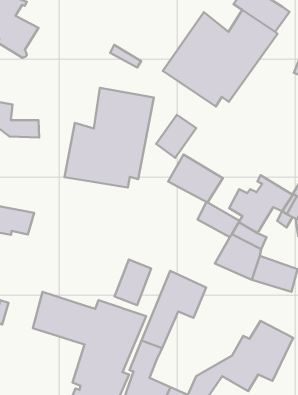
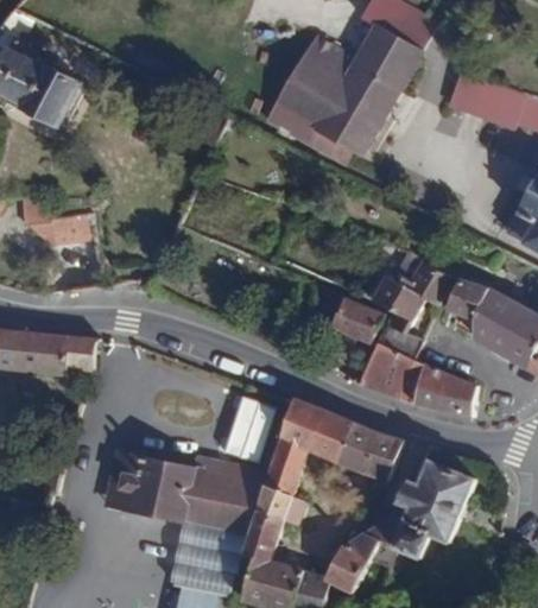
building: [65,88,154,188] -> none
building: [156,115,196,158] -> none
building: [168,154,223,202] -> none
building: none -> [335,423,406,483]

